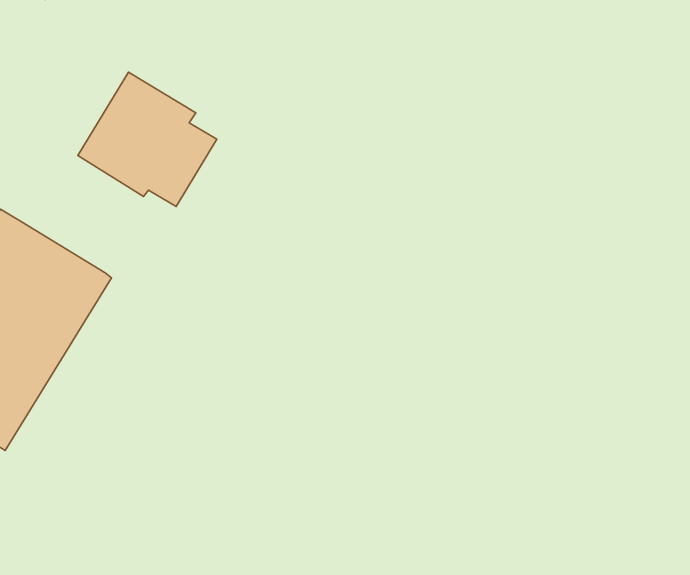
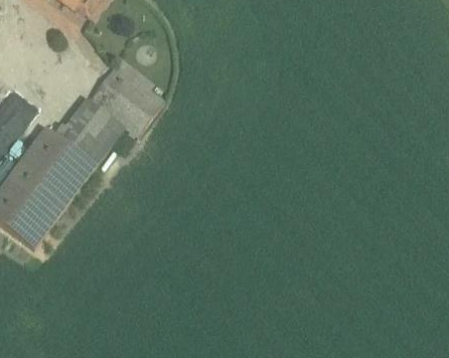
building: none -> [55,97,125,162]

